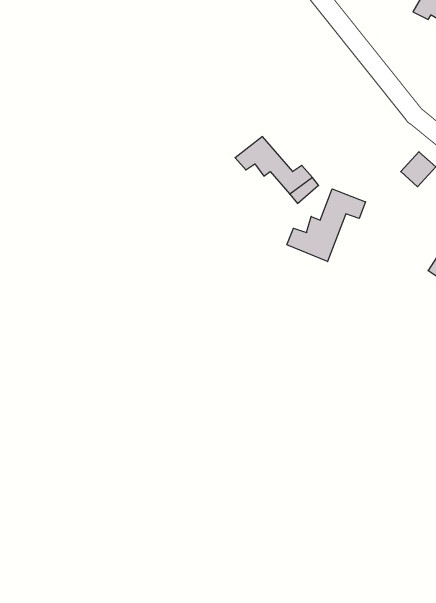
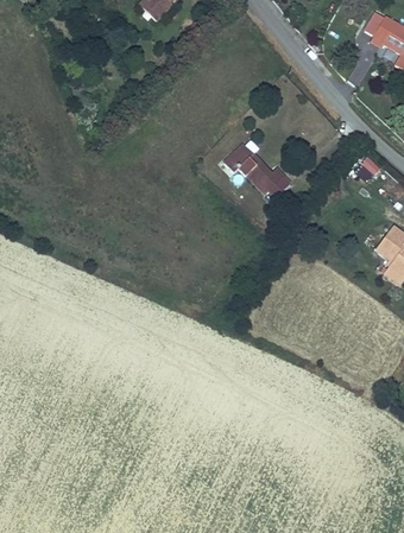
building: [287,189,366,262] -> none

